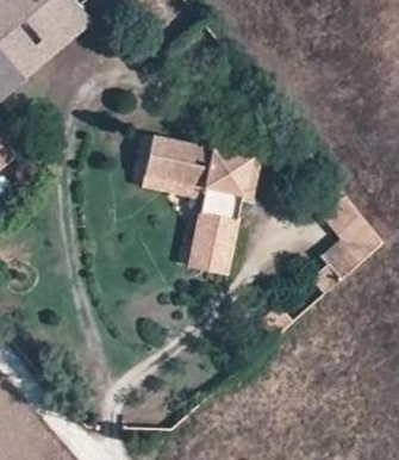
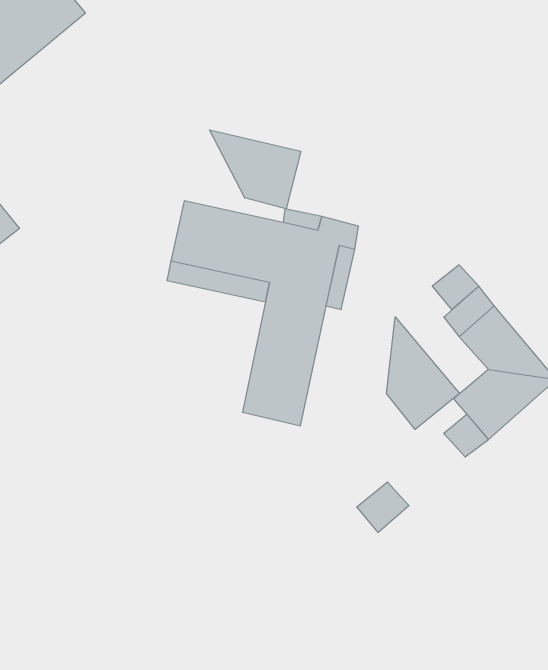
building: none -> [209,130,301,209]
building: none -> [387,317,460,429]

